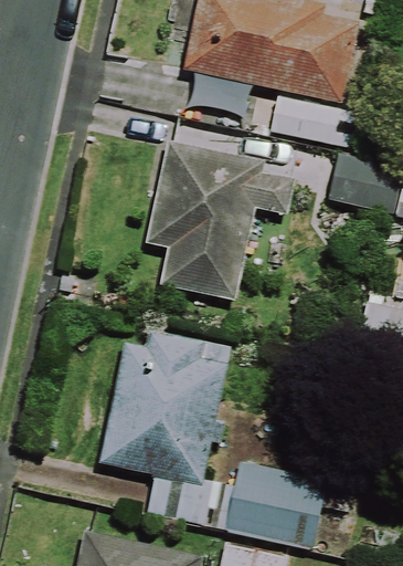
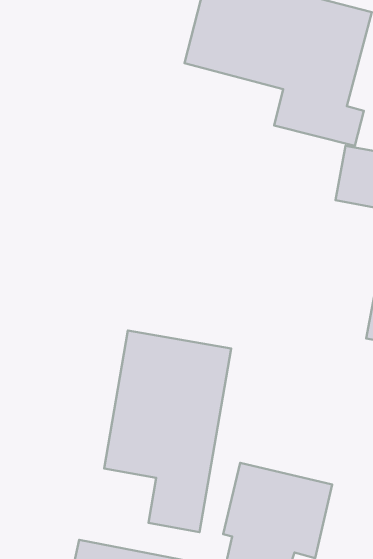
building: [148,140,289,300] -> none

